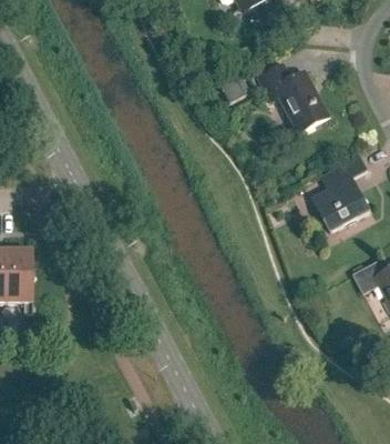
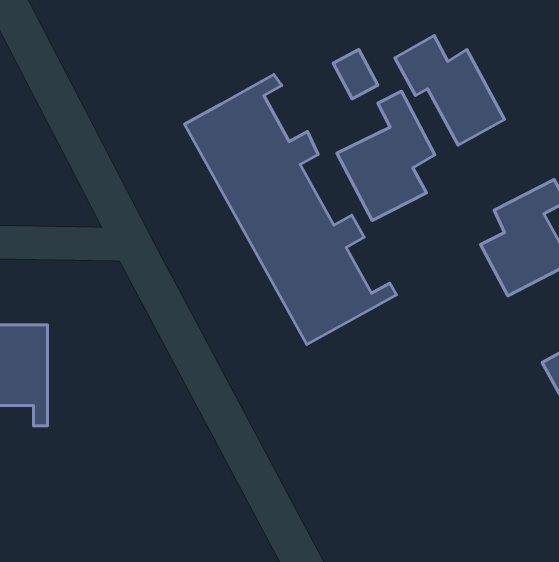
building: none -> [184,75,396,345]
building: none -> [337,91,435,220]

